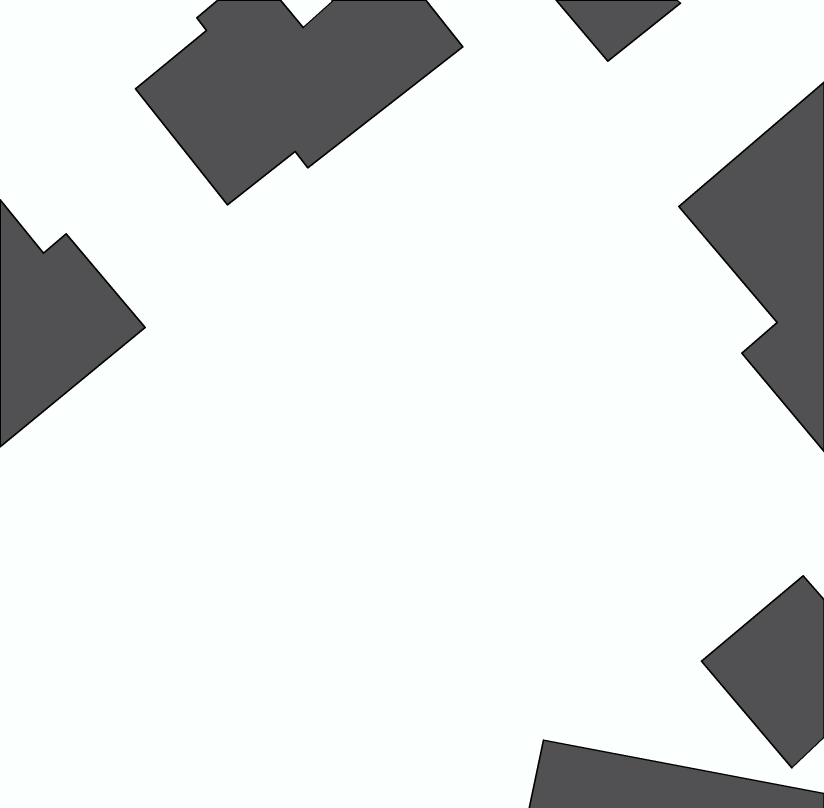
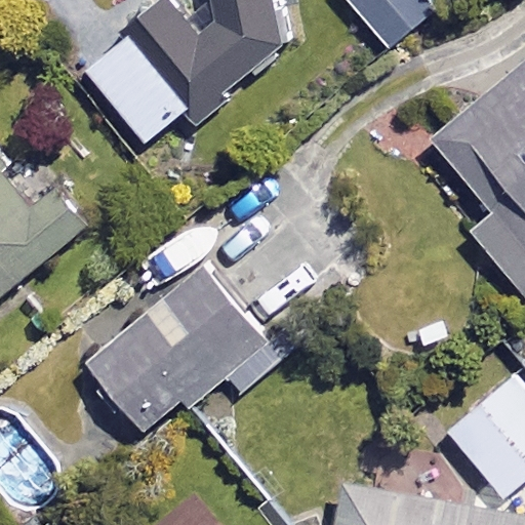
building: none -> [90,268,271,434]

